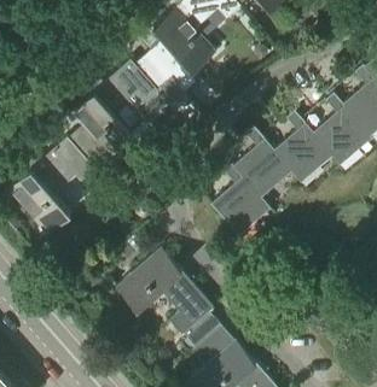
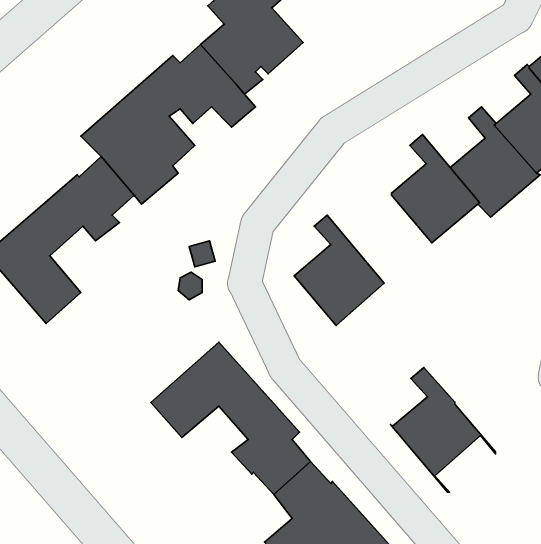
building: [231,128,300,210] -> [391,367,495,492]

